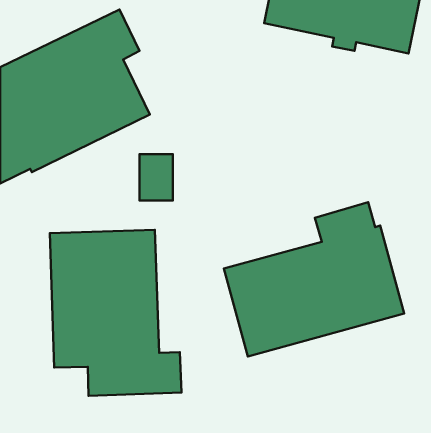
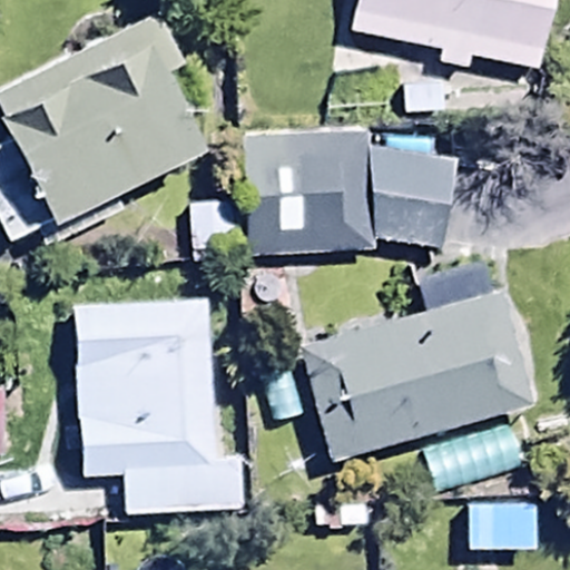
building: none -> [246,128,458,256]

